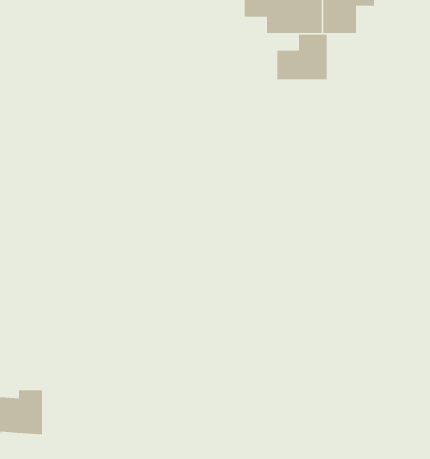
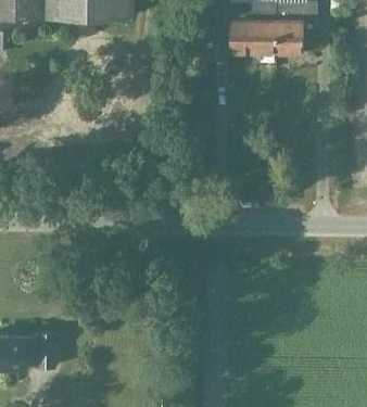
building: [277,34,328,80] -> none

